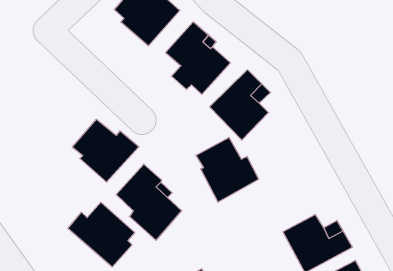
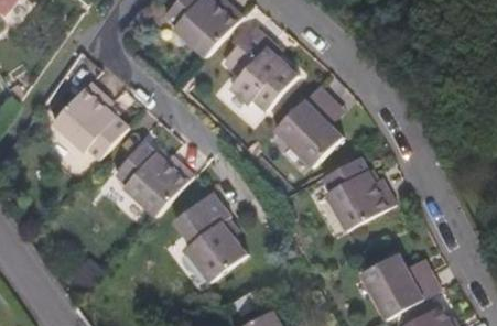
building: none -> [51,85,125,162]
building: [196,137,259,202] -> [327,153,400,228]
building: [68,202,135,267] -> none

